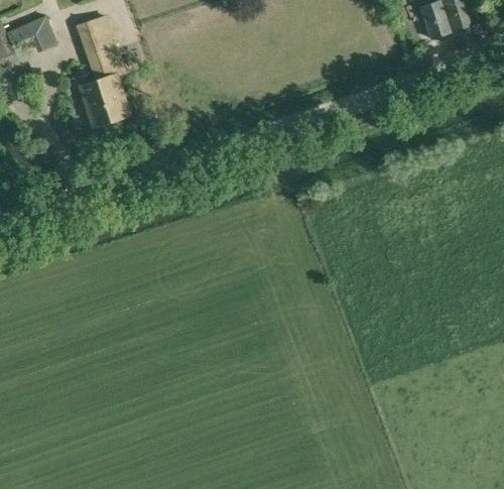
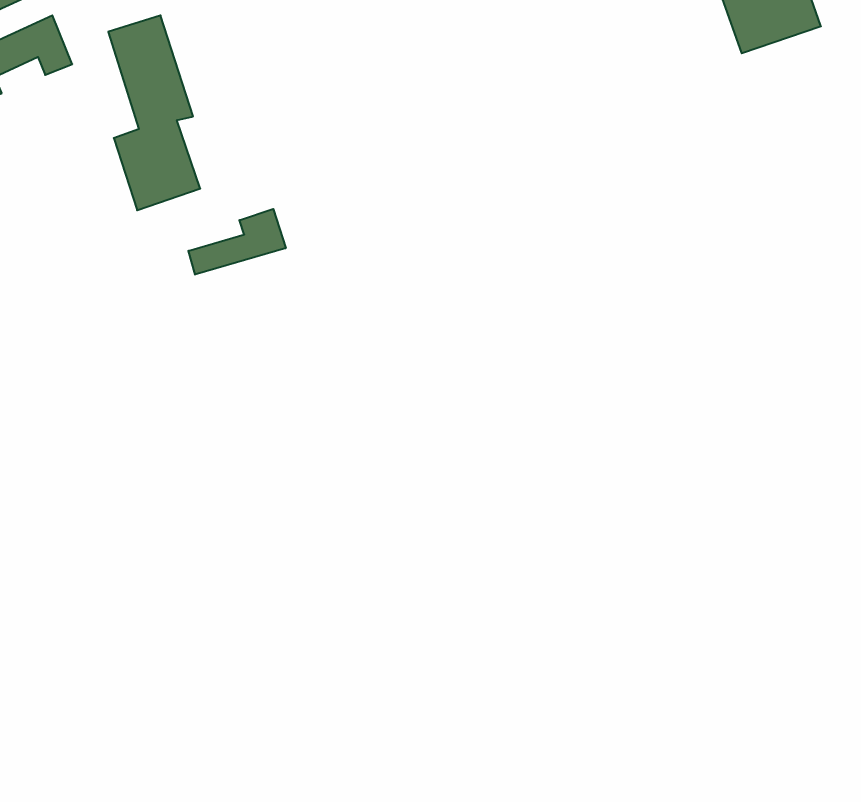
building: none -> [188,209,286,275]

